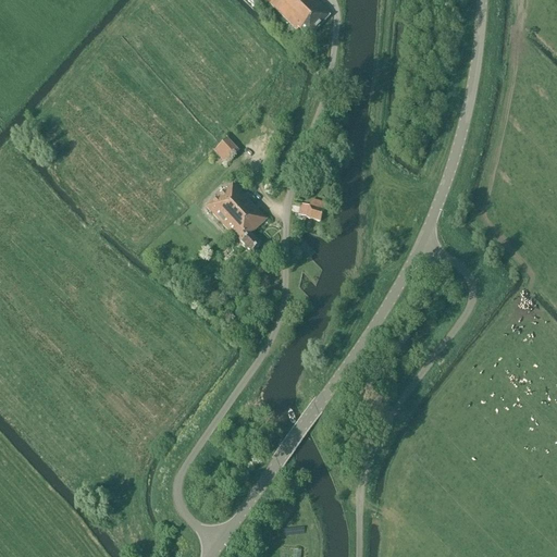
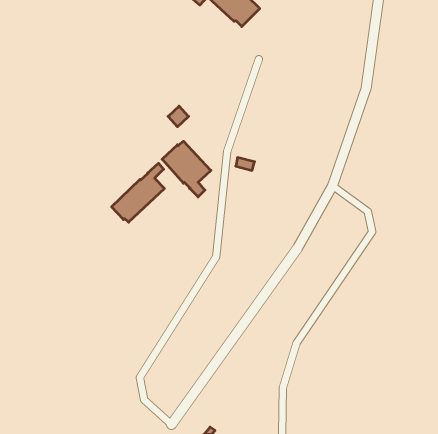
building: none -> [112,163,164,222]

